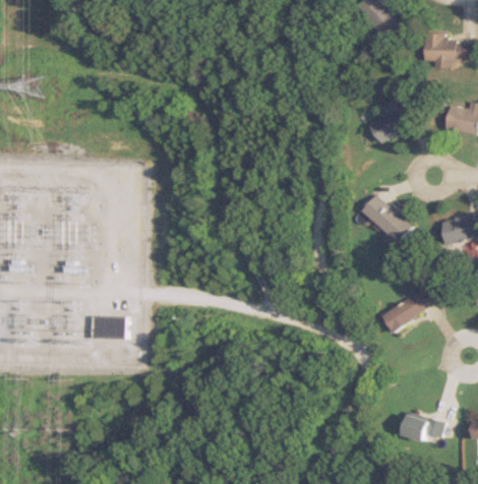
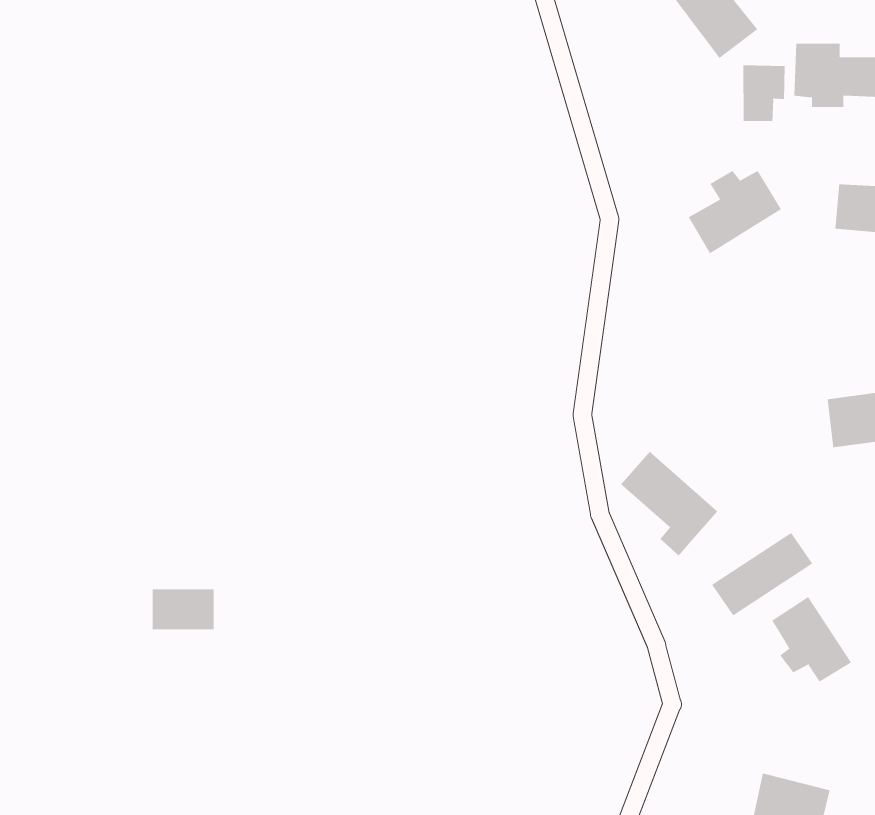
building: none -> [743,64,785,122]
building: [360,193,411,248] -> [620,451,718,556]
building: none -> [772,596,852,682]

